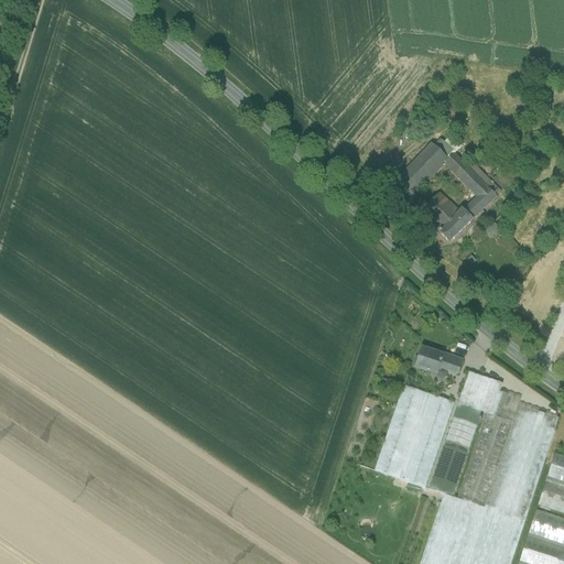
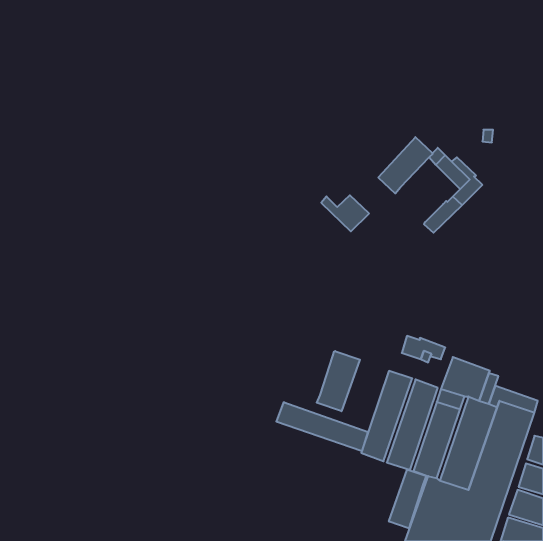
building: [410,193,459,230] -> [321,195,369,231]
building: none -> [317,351,360,411]
building: none -> [276,402,368,451]
building: none -> [389,469,426,528]

